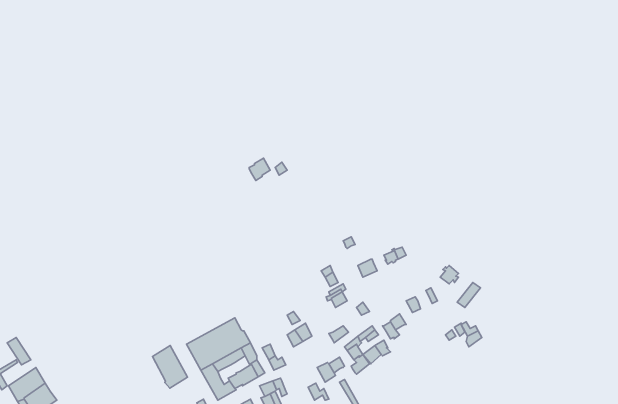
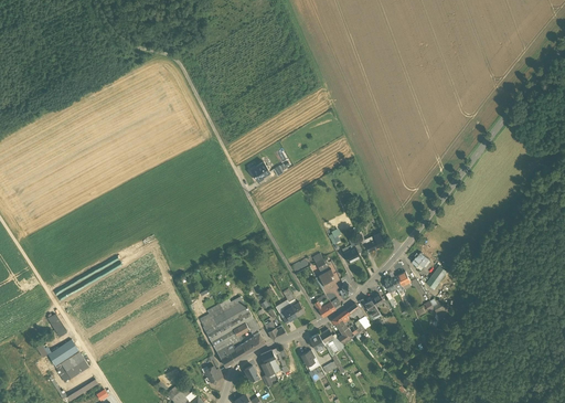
building: [152,345,187,388] -> none

